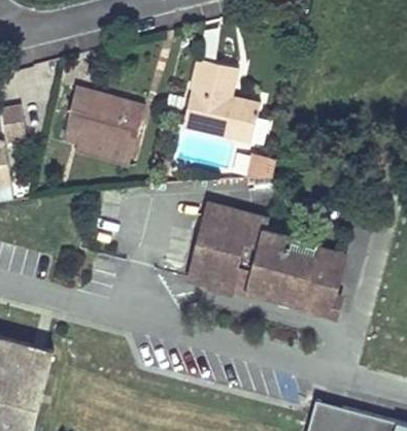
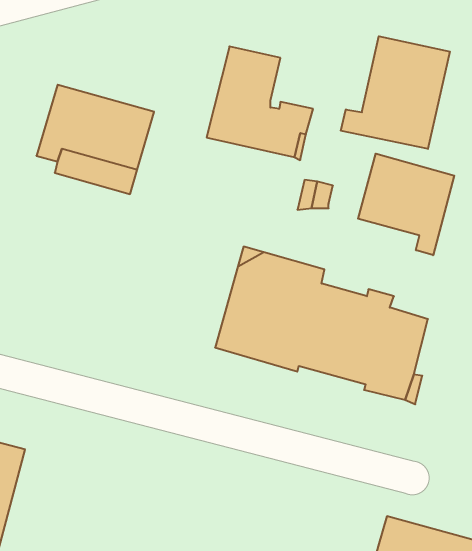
building: none -> [341,36,450,149]
building: none -> [358,154,454,255]

